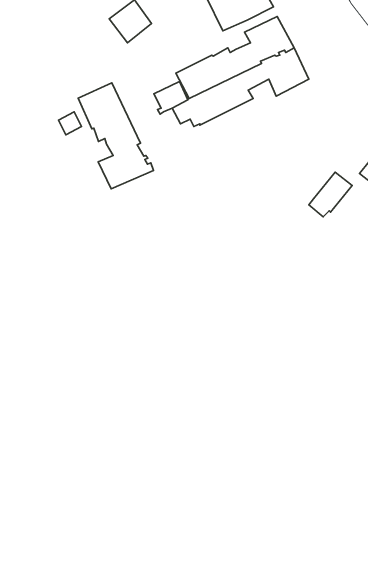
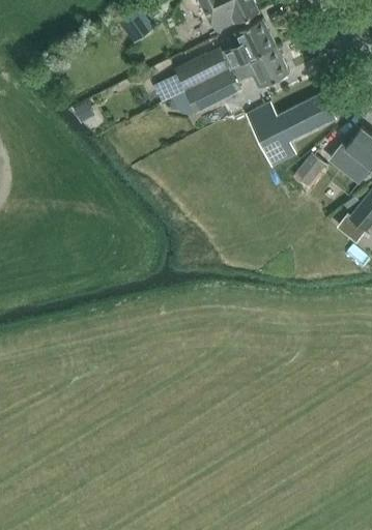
building: [78,83,153,189] -> none
building: none -> [246,93,335,166]

